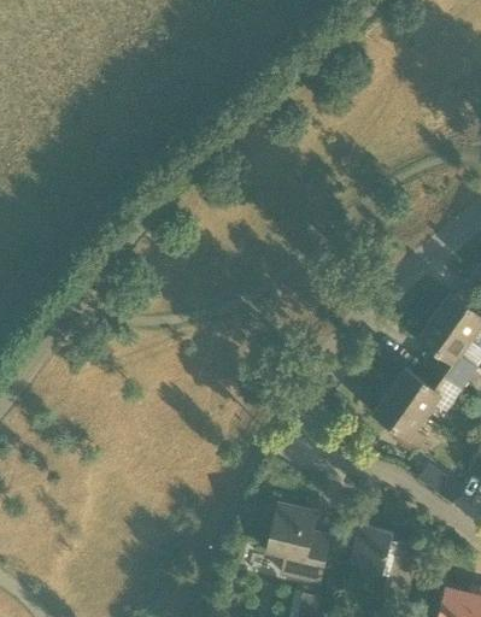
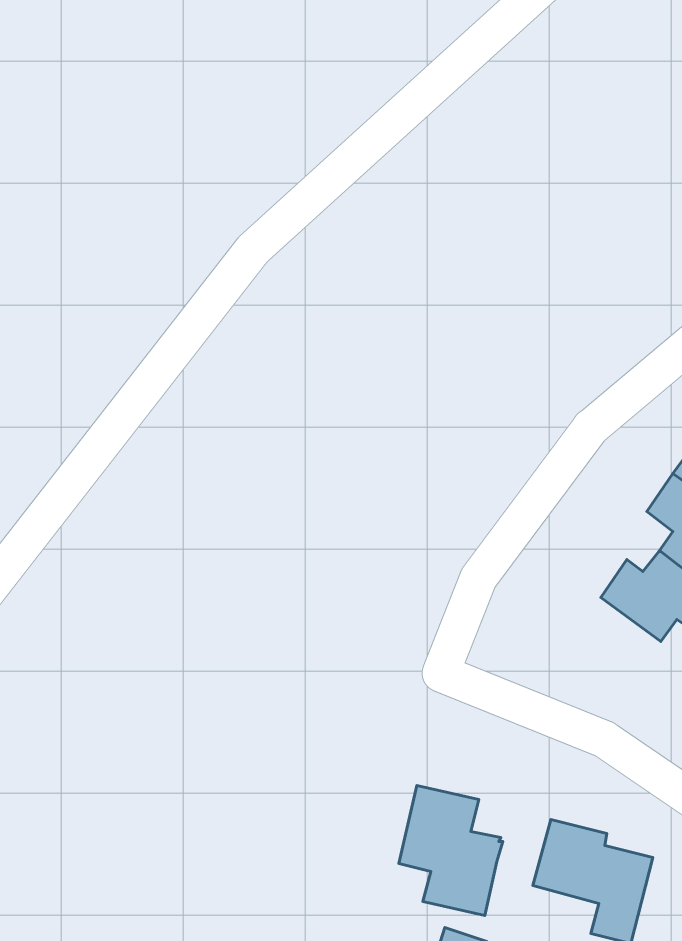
building: [373,390,427,447] -> none

